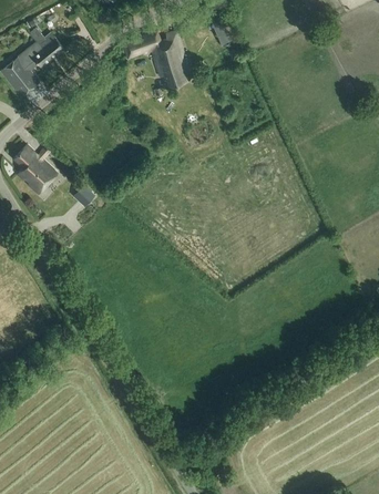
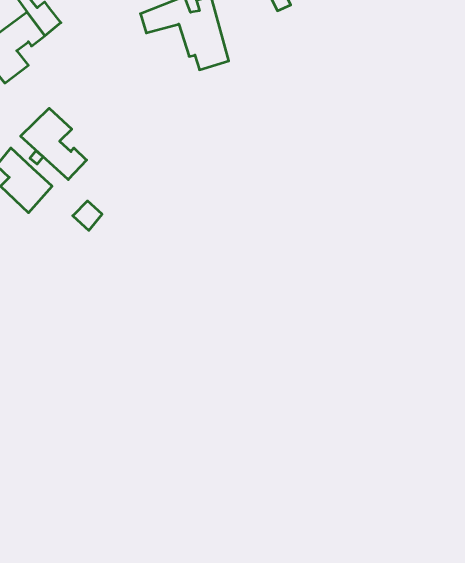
building: none -> [21,108,87,180]

